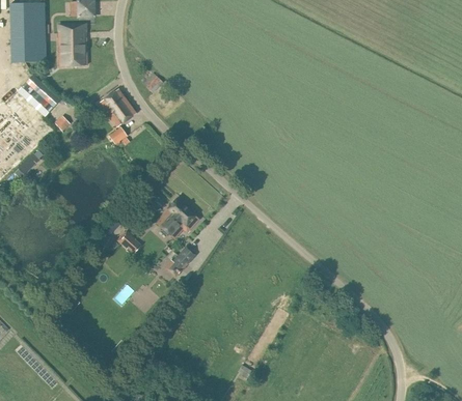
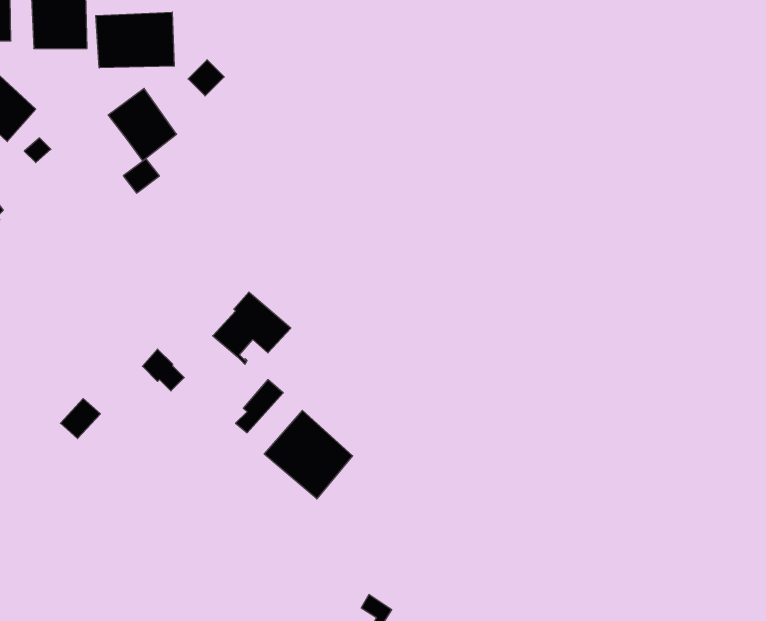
building: none -> [96,12,174,68]
building: none -> [264,410,353,499]

